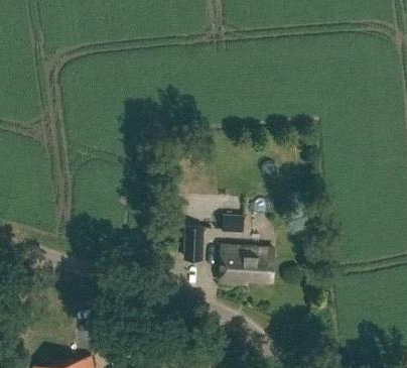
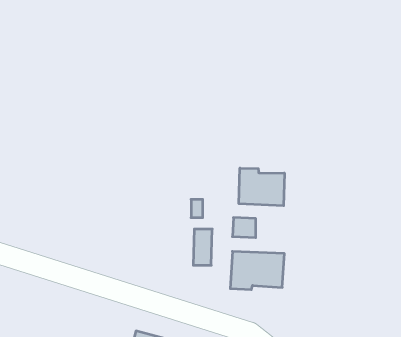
building: none -> [239,168,284,206]

